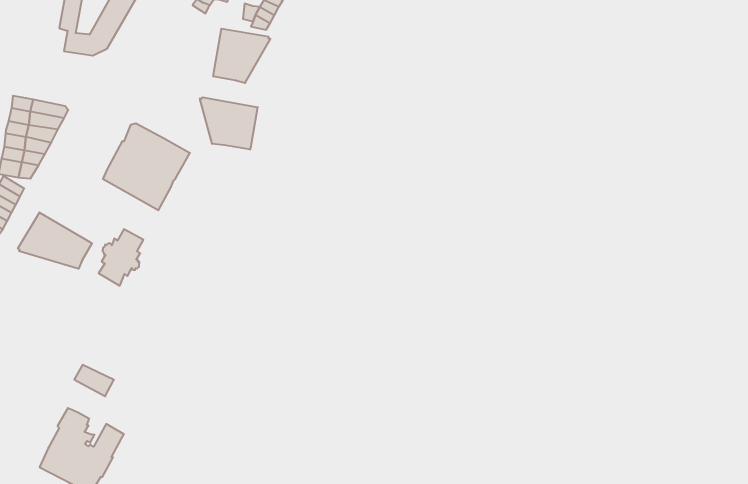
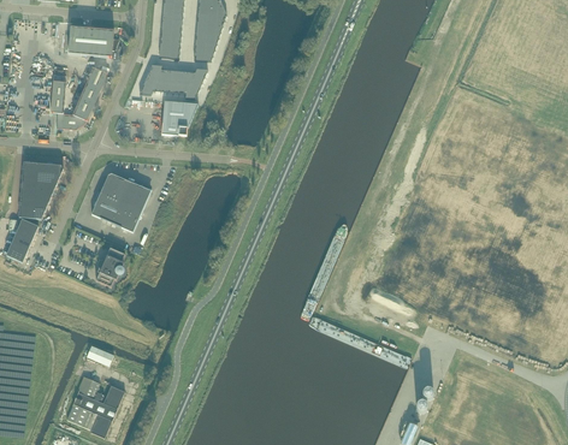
building: [200,97,258,150] -> none
building: [18,212,92,269] -> none

